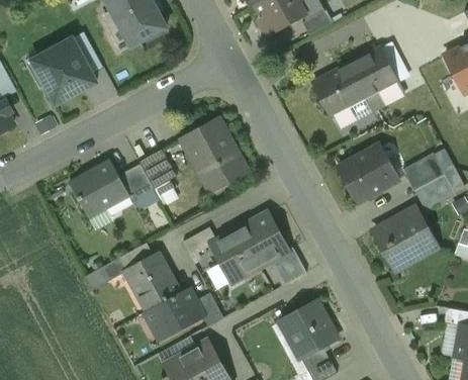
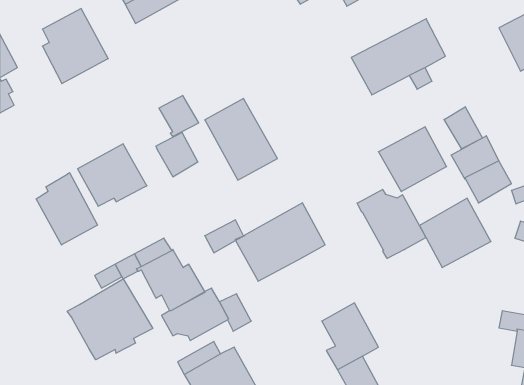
building: none -> [444,107,482,149]
building: [119,165,155,201] -> [159,96,199,136]
building: none -> [36,173,98,245]
building: none -> [357,189,425,258]
building: [270,248,307,286] -> none
building: none -> [67,279,153,360]

